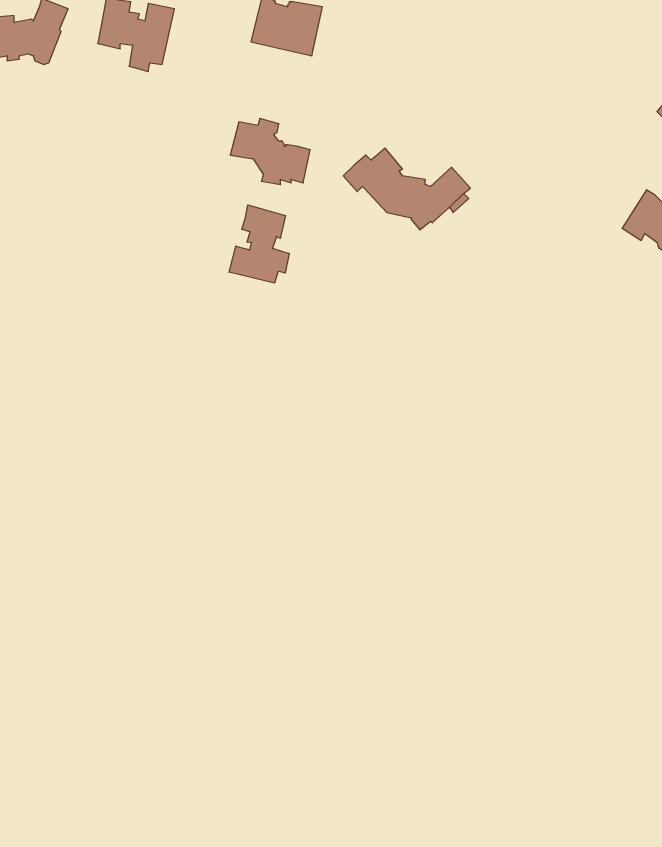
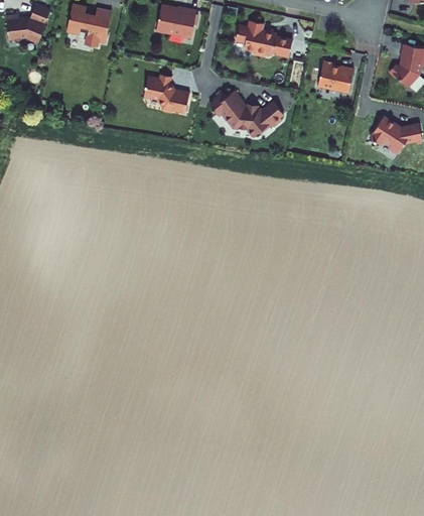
building: none -> [236,21,293,57]
building: none -> [318,60,354,93]
building: [229,205,289,283] -> none

